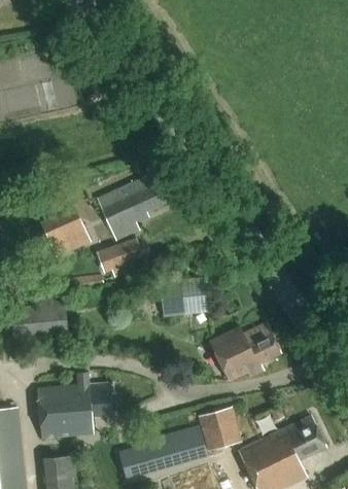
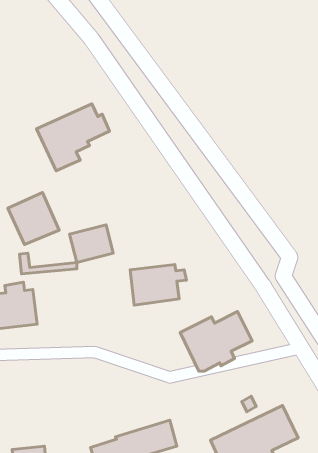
building: [96,174,168,240] -> [36,104,109,171]
building: [37,373,116,438] -> none
building: [198,407,241,451] -> none

